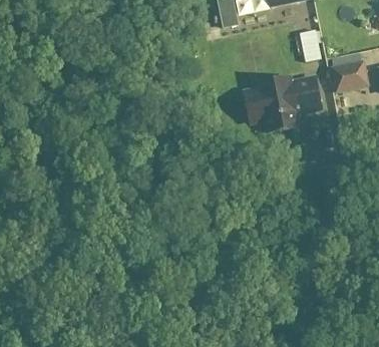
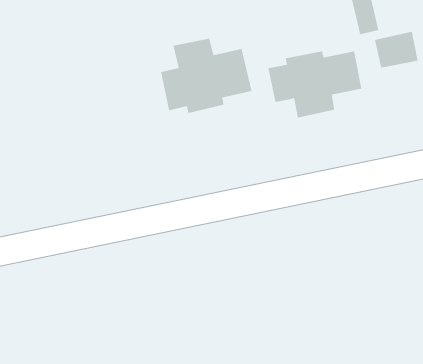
building: none -> [160,38,252,114]

